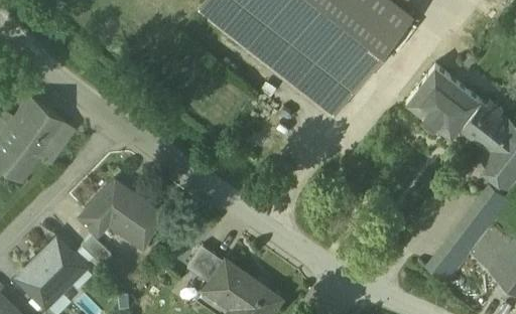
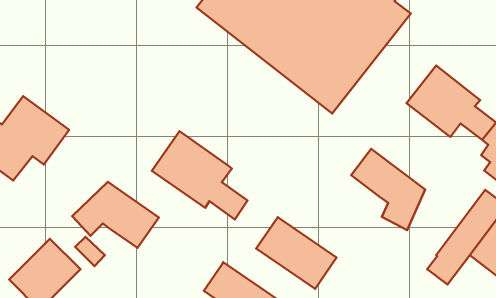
building: none -> [152,131,247,219]
building: none -> [351,149,425,230]
building: none -> [256,217,337,289]
building: [188,248,226,286] -> none

